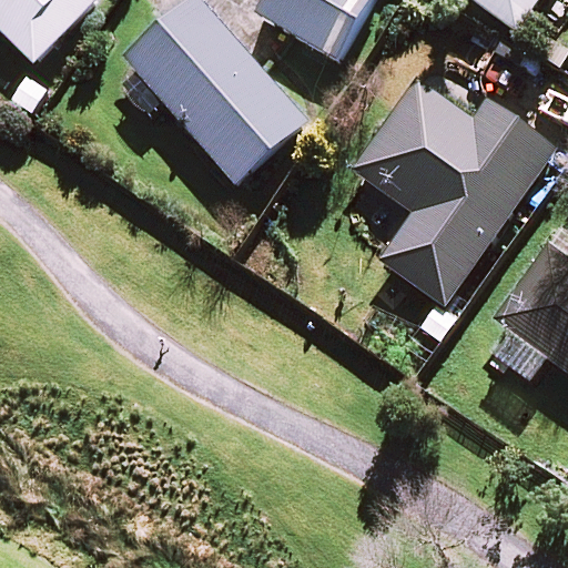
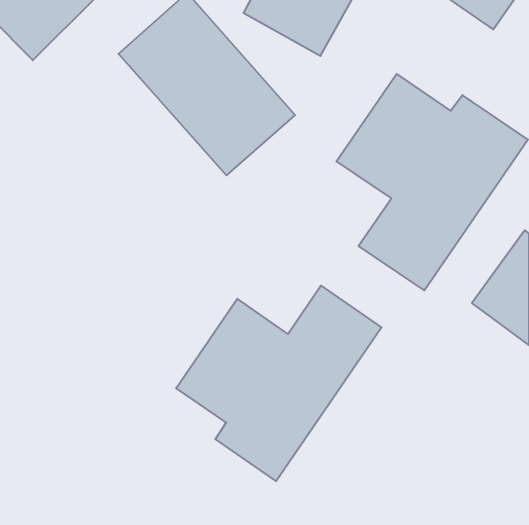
building: none -> [176,286,382,481]

